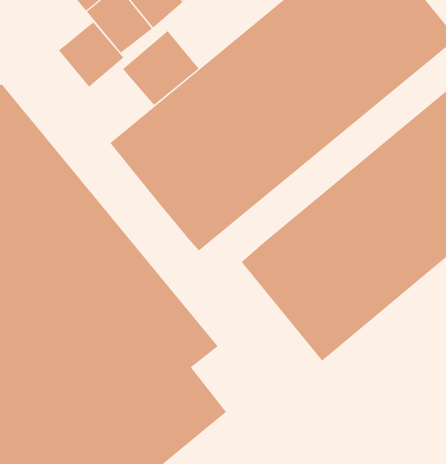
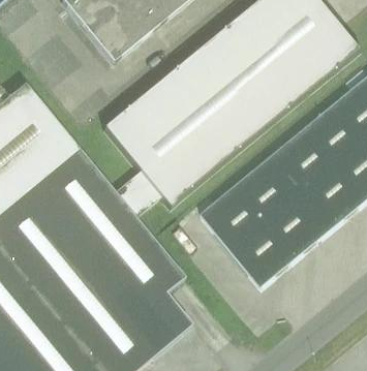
building: [58,22,124,88] -> none
building: [122,30,199,106] -> none

